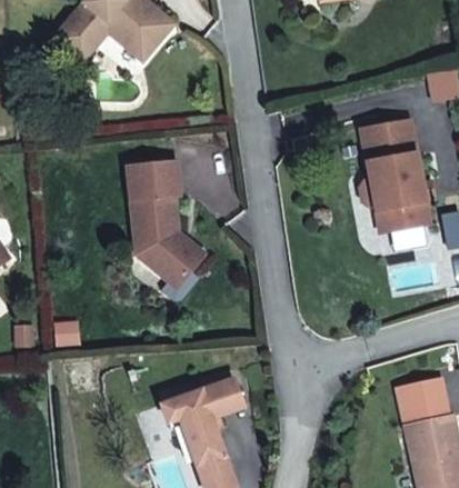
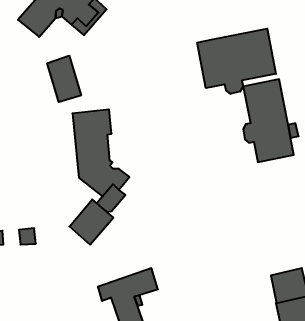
building: none -> [197,29,276,94]
building: none -> [47,56,81,102]
building: none -> [69,199,113,245]

